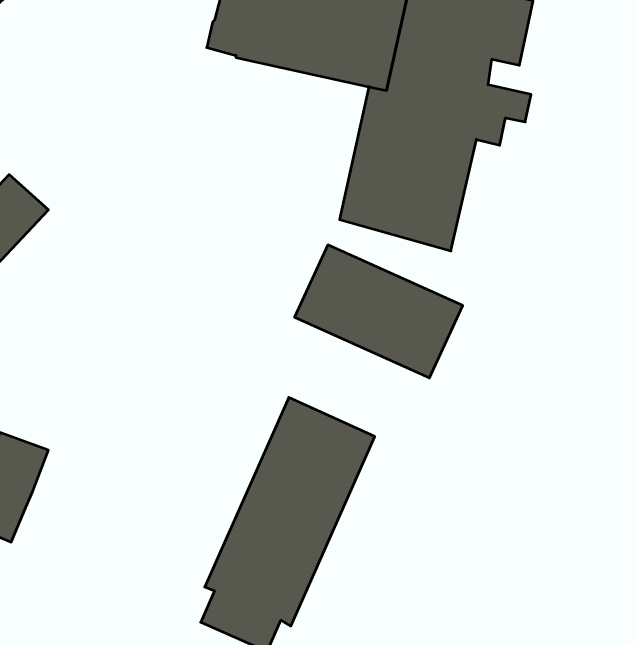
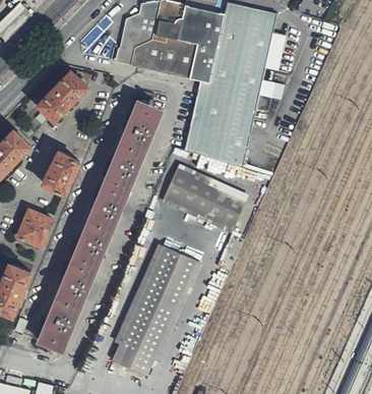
building: none -> [34,69,89,124]
building: none -> [39,95,163,351]
building: none -> [40,150,81,198]
building: none -> [15,208,54,249]

